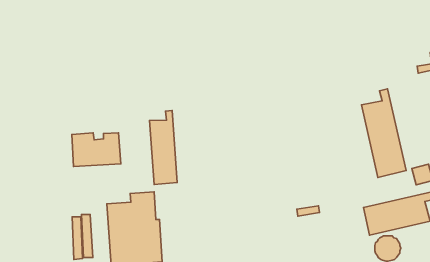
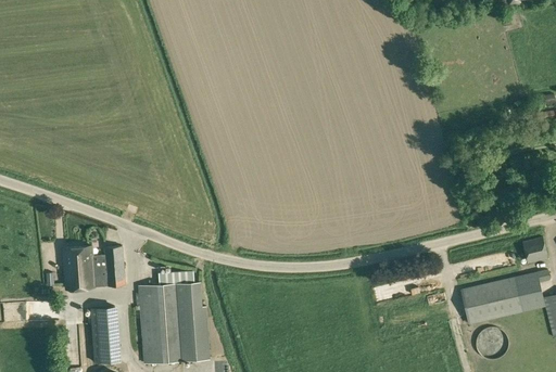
building: [361,89,406,177] -> none
building: [150,111,177,184] -> none
building: [72,133,121,167] -> [63,245,125,287]

